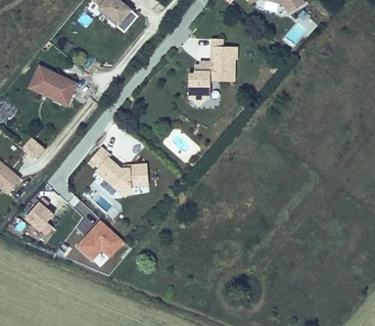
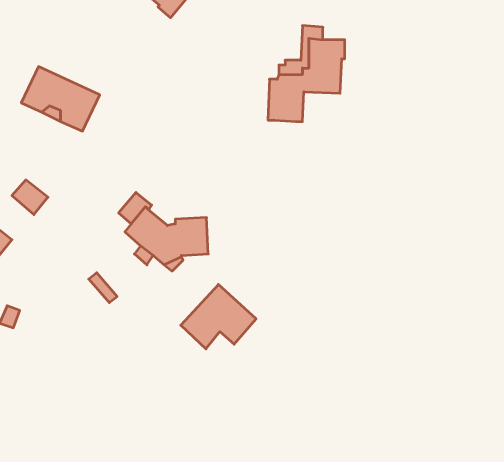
building: [25,197,53,236] -> none
building: [75,220,124,262] -> [181,284,256,349]

